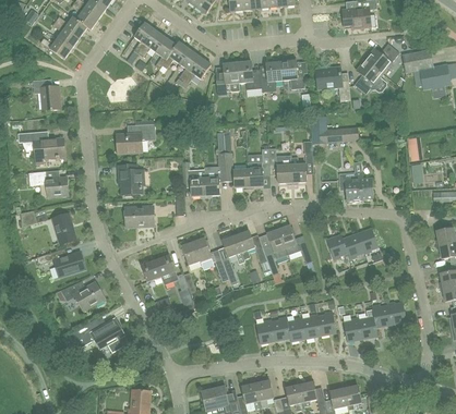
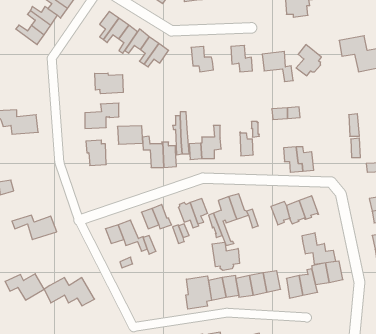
building: [364,44,398,73] -> none
building: [215,60,239,95] -> none
building: [260,61,281,93] -> none
building: [33,80,60,110] -> none
building: none -> [95,73,123,94]
building: [268,148,291,184] -> none
building: [28,171,68,197] -> none
building: [124,206,153,227] -> [117,126,143,144]
building: [51,212,75,242] -> none
building: none -> [302,233,335,265]
building: none -> [212,242,240,270]
building: [60,281,104,310] -> [5,274,44,300]
building: none -> [186,276,212,309]

